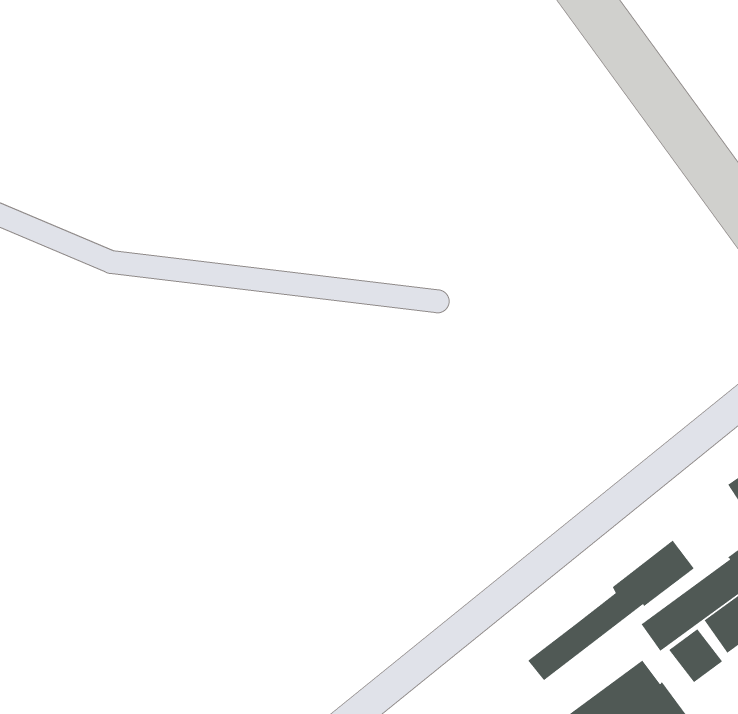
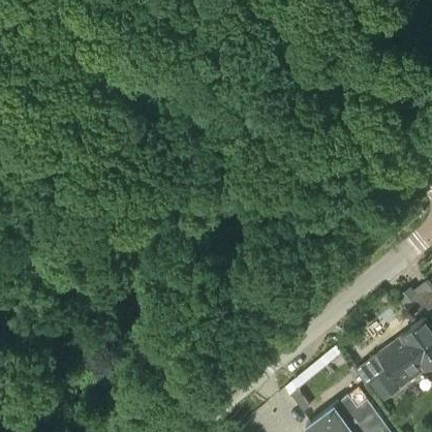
building: [527,539,695,681] -> none

